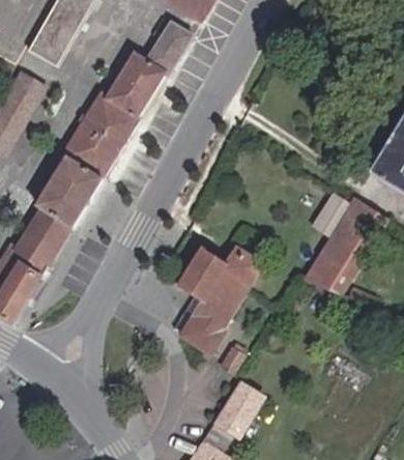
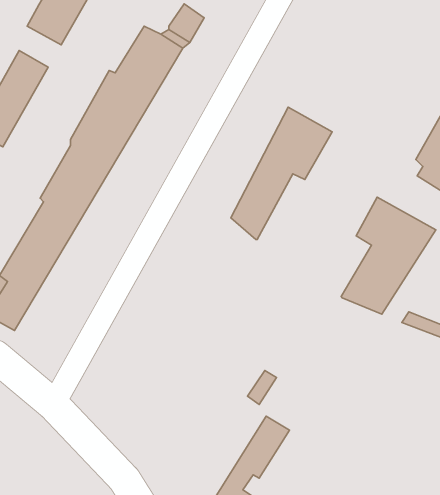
building: none -> [231,107,332,239]
building: [177,249,259,357] -> none

